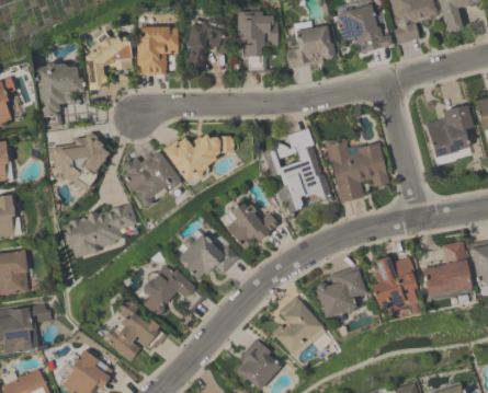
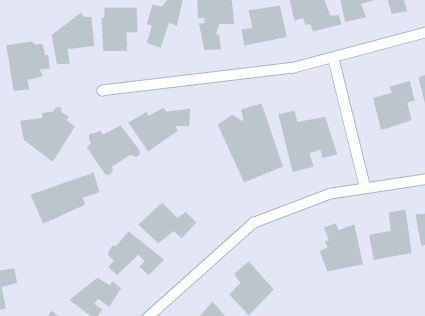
building: [224,201,280,250] -> none
building: [314,265,367,320] -> none

